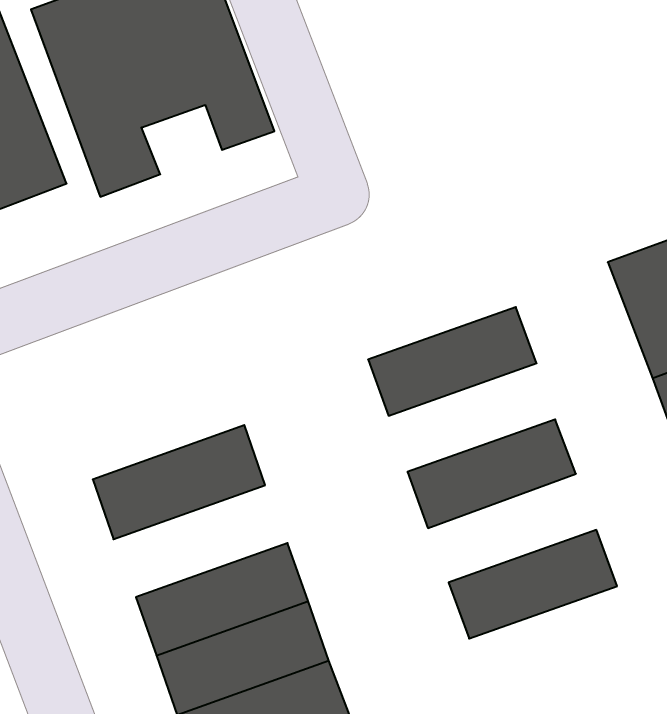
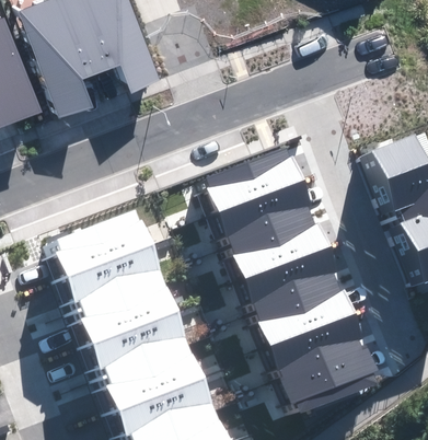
building: none -> [207,152,305,216]
building: none -> [231,218,328,281]
building: none -> [45,220,147,286]
building: none -> [254,282,352,346]
building: none -> [70,289,172,355]
building: none -> [278,348,375,412]

